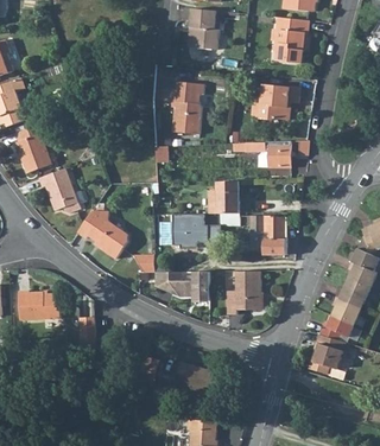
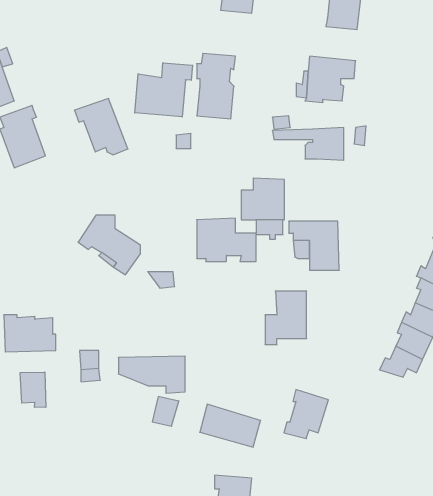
building: none -> [135,63,193,117]
building: [38,168,81,214] -> [74,98,128,155]
building: [156,272,209,301] -> [118,356,185,393]
building: [309,334,344,374] -> [284,390,328,439]
building: none -> [20,372,46,407]

